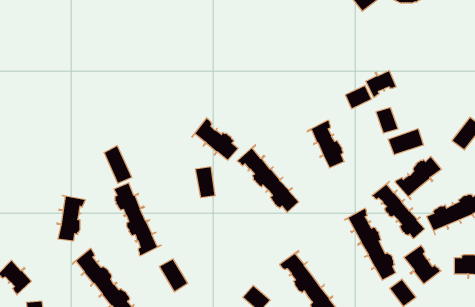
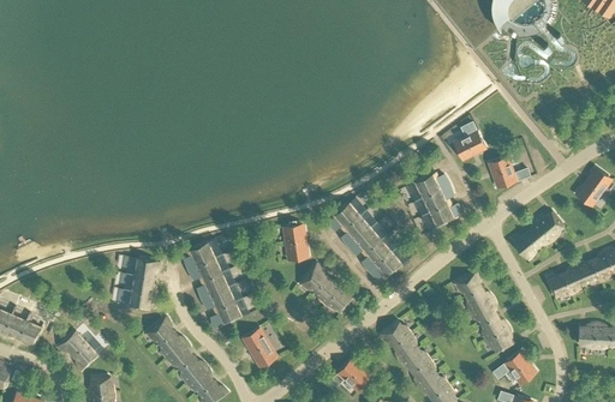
building: [366,70,396,98] -> none
building: [192,118,238,160] -> [299,264,352,312]
building: [388,129,424,155] -> none
building: [104,146,132,183] -> none
building: [372,181,425,239] -> none
building: [404,245,441,284] -> none

